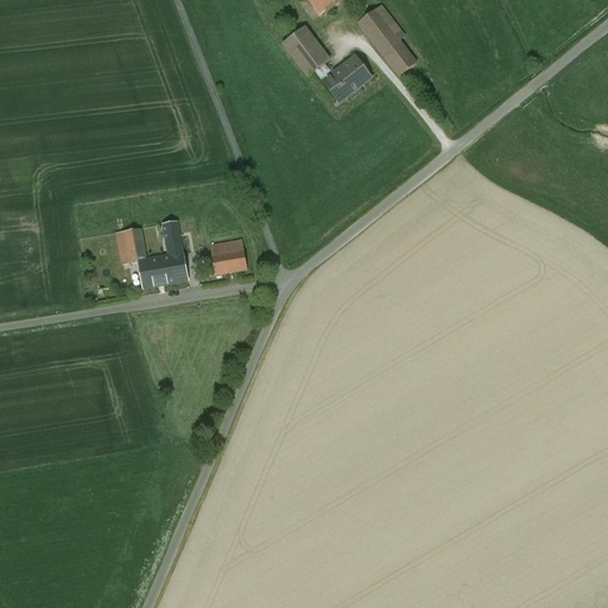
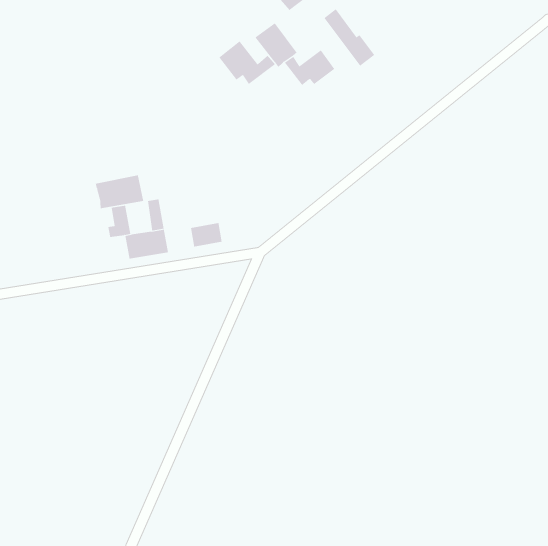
building: none -> [219,40,276,85]
building: none -> [95,174,144,209]

